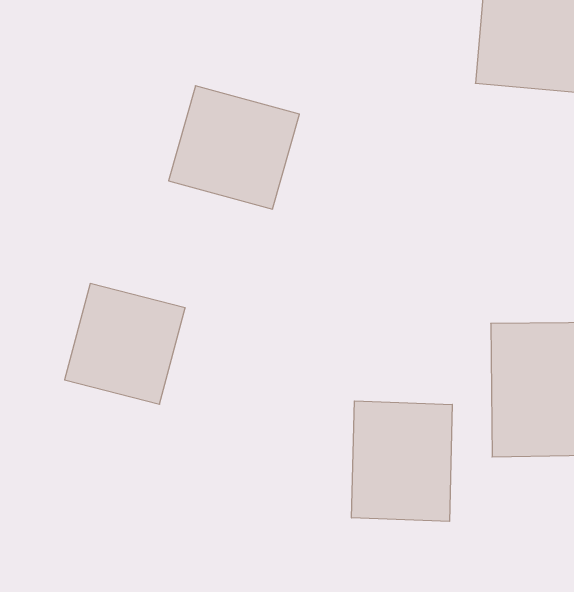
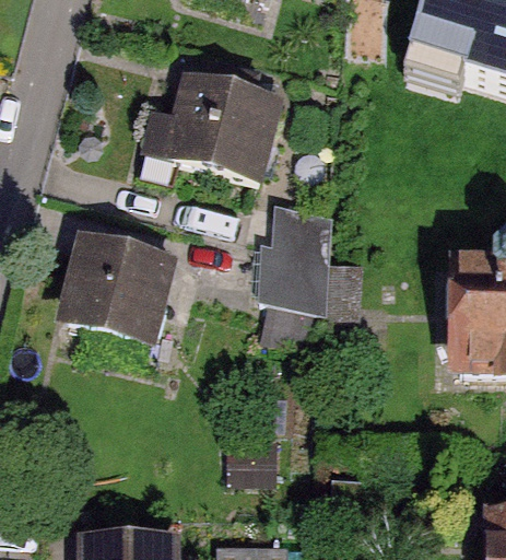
building: none -> [275,195,342,332]
building: [352,401,452,521] -> none

